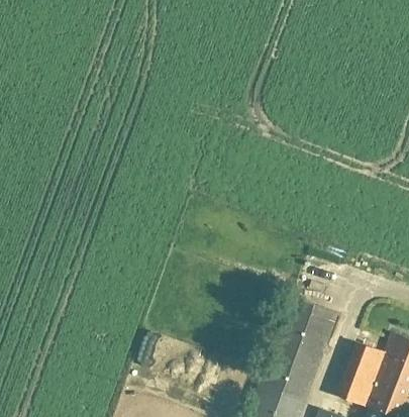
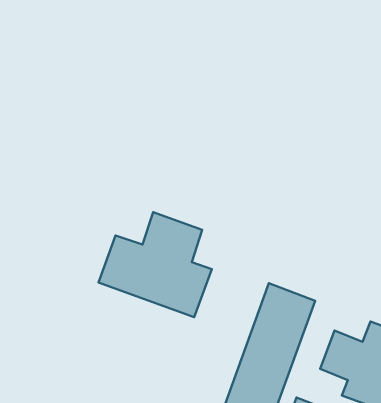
building: none -> [98,212,212,317]

